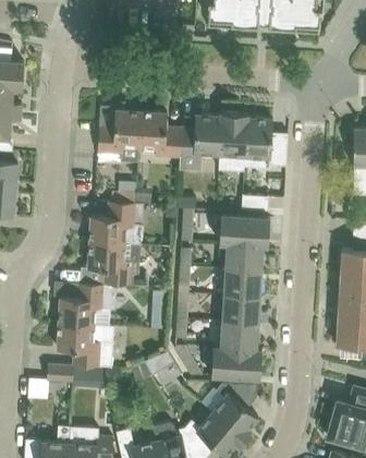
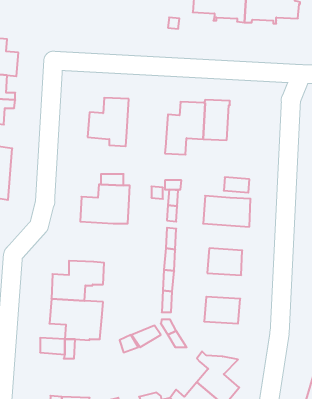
building: [138,111,182,157] -> none
building: [244,118,288,168] -> none
building: [88,241,148,286] -> none
building: [225,243,263,272] -> none
building: [222,296,259,323] -> none
building: [211,346,261,378] -> none

